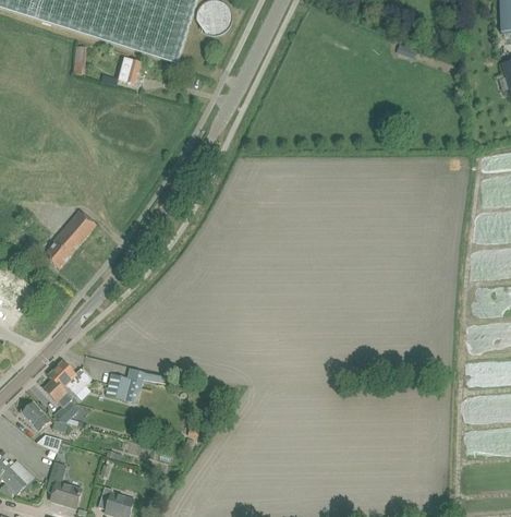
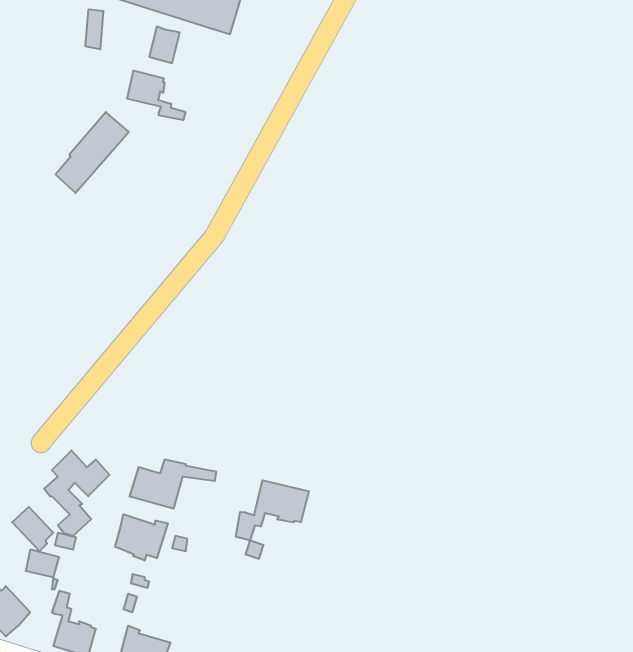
building: none -> [127,70,185,120]
building: [44,211,96,268] -> [56,112,129,193]
building: none -> [236,480,309,540]
building: none -> [115,514,168,561]

